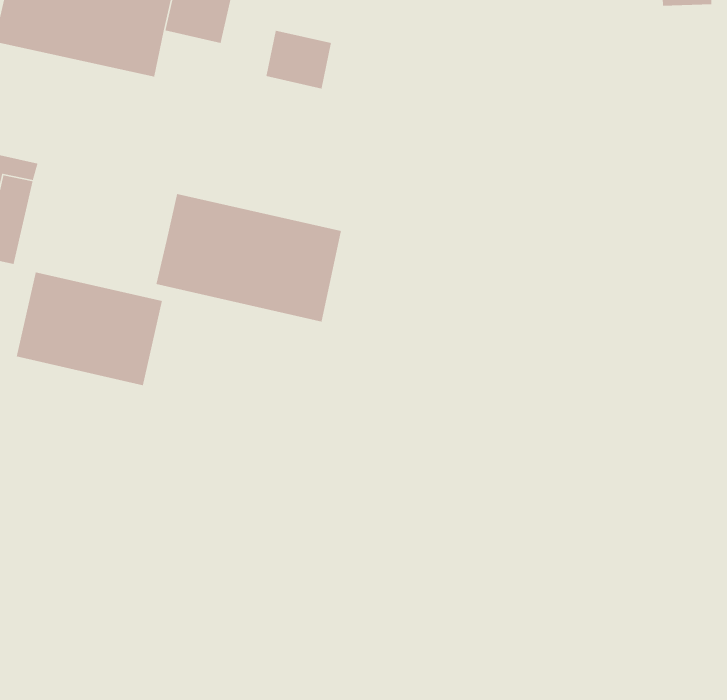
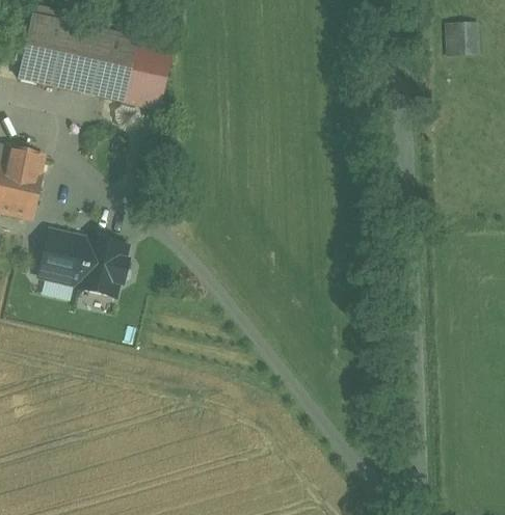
building: [266,30,332,89] -> [121,70,163,108]
building: [155,193,342,322] -> none

